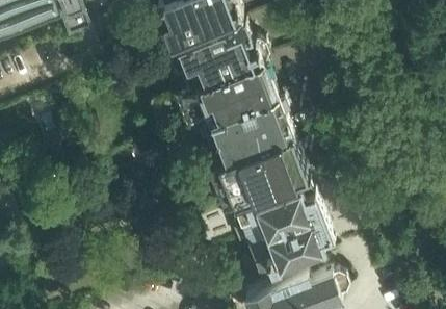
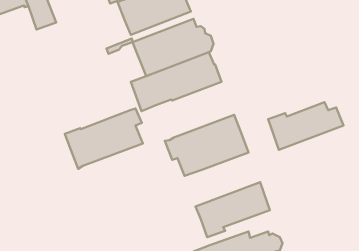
building: [204,101,294,171] -> [65,109,143,169]
building: [237,192,324,248] -> [268,102,343,150]

